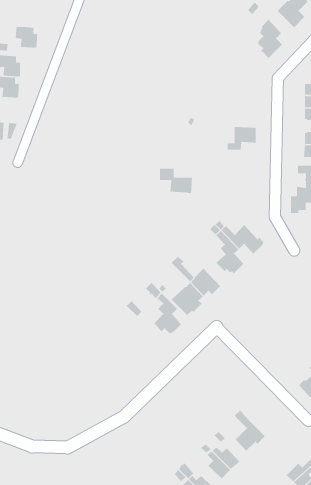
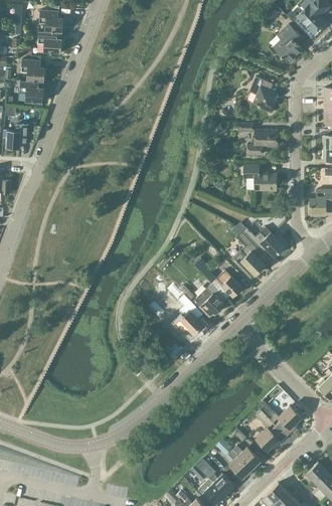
building: none -> [38,10,62,33]
building: none -> [247,76,275,113]
building: [159,168,193,194] -> [242,165,276,191]
building: none -> [270,405,300,436]

